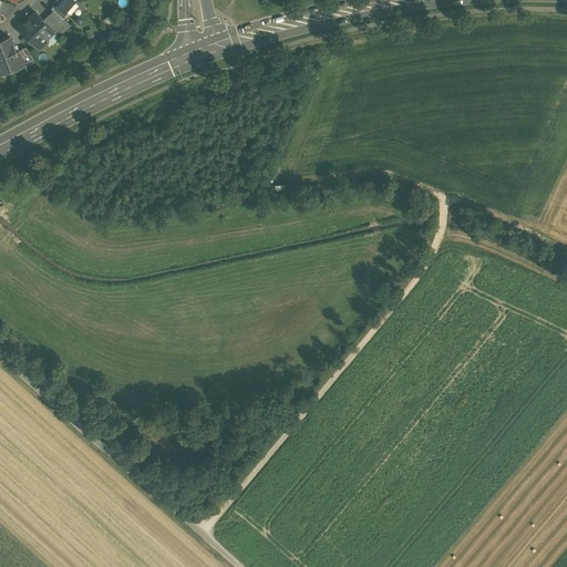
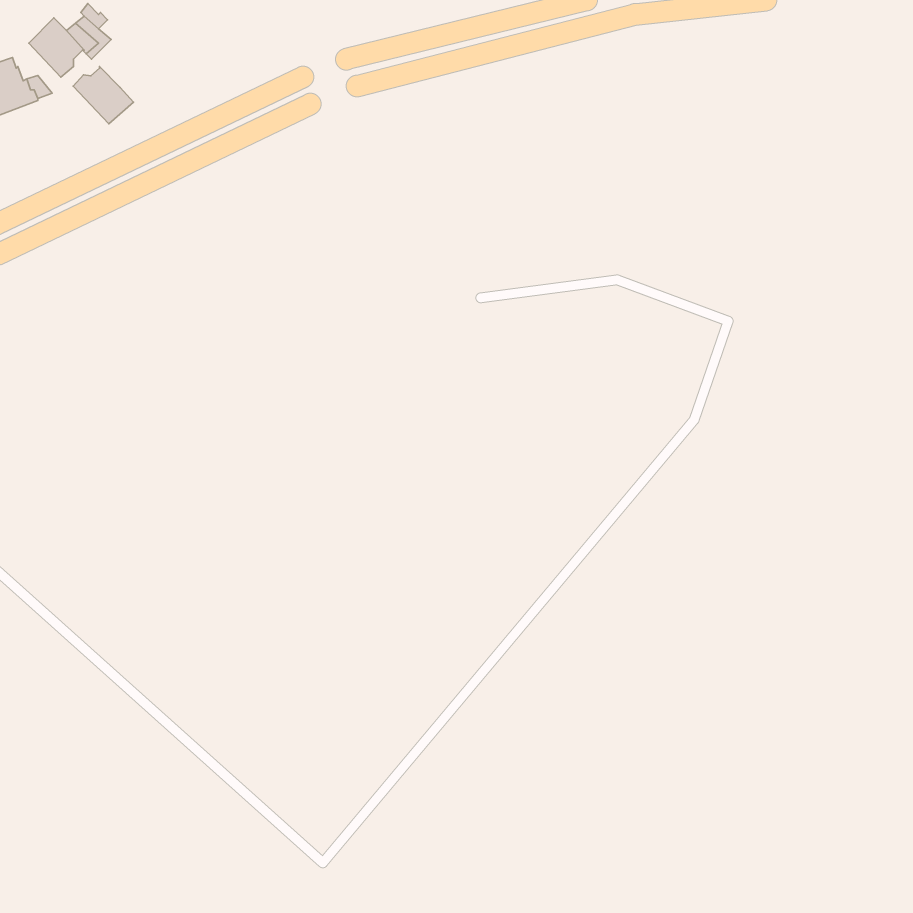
building: none -> [73,66,133,124]

